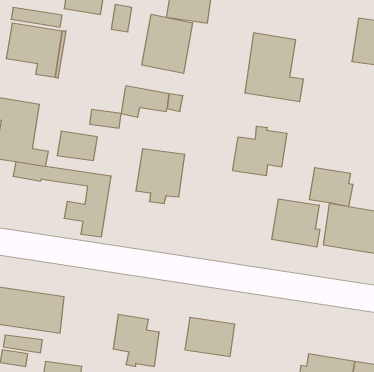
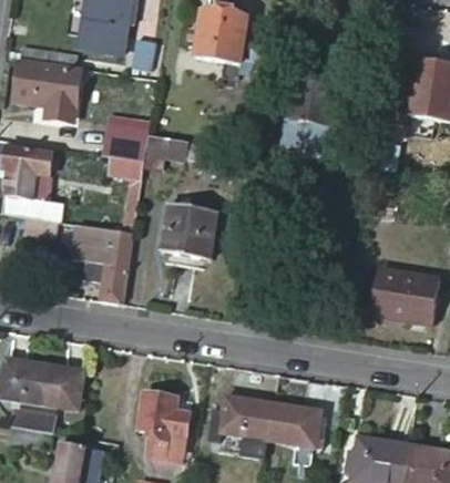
building: [142,14,193,73] -> none
building: [233,126,287,176] -> none
building: [57,131,97,160] -> [103,130,149,163]
building: [310,167,353,207] -> none
building: [272,199,320,247] -> none
building: none -> [267,401,321,445]

